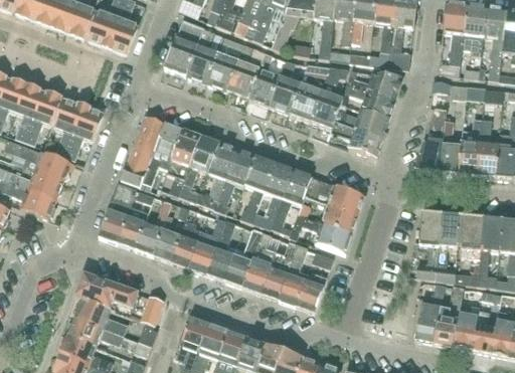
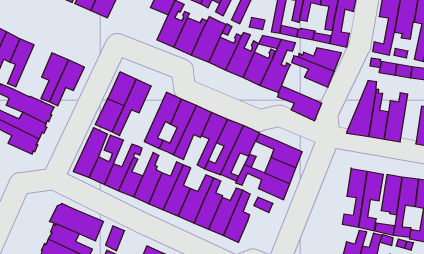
building: [164,38,197,75] -> none
building: [25,90,61,144] -> none
building: [335,102,389,137] -> none
building: [478,120,499,177] -> none
building: [167,130,201,195] -> none
building: [297,274,327,312] -> none

